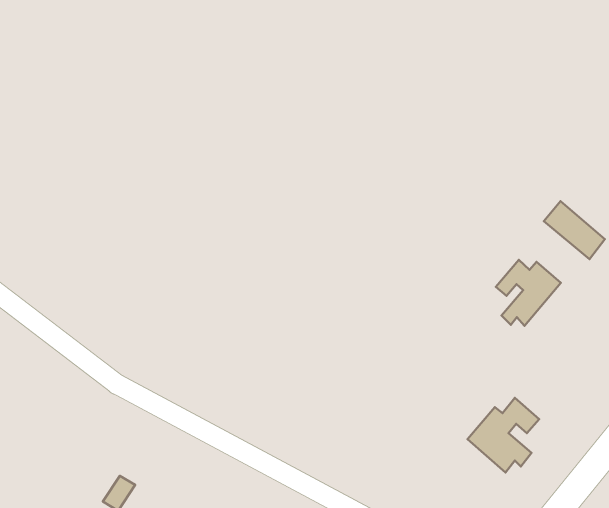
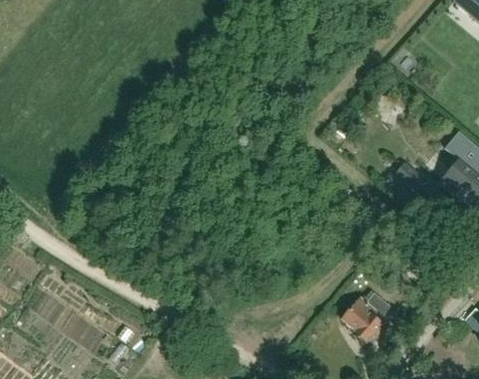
building: [496,260,561,326] -> none

